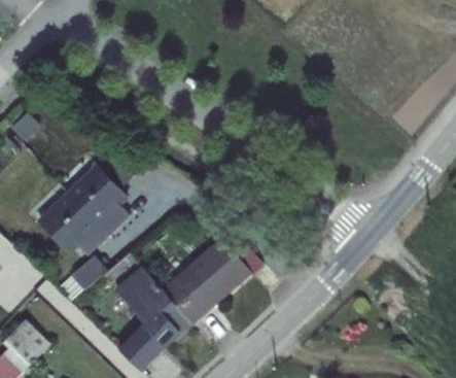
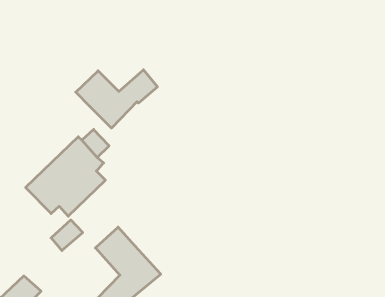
building: none -> [76,70,157,128]
building: [159,237,245,321] -> none

